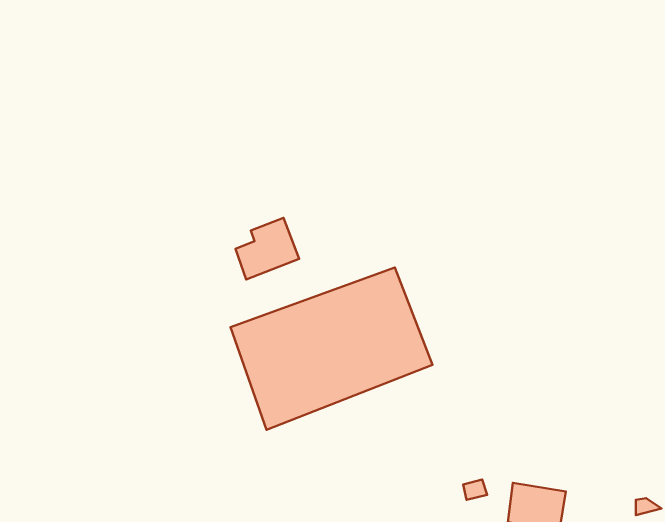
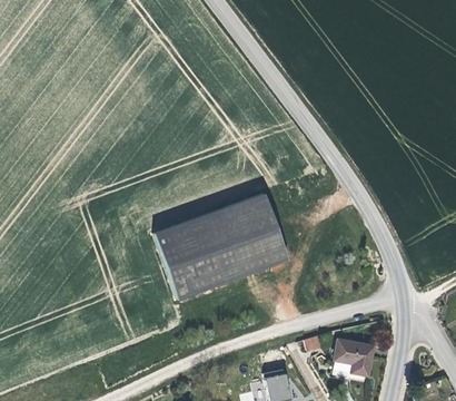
building: [236,218,299,279] -> none

